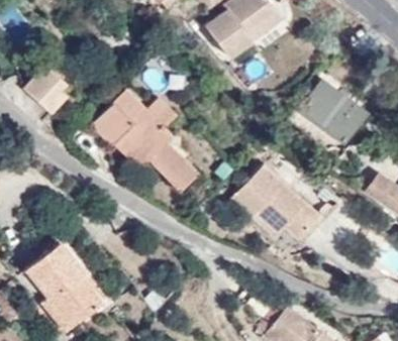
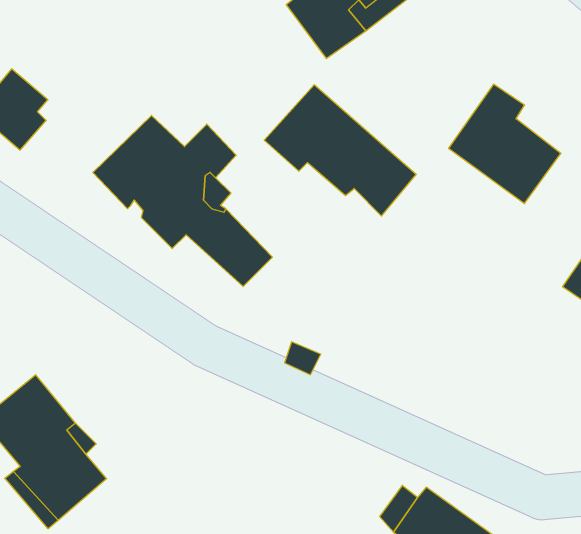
building: [231,165,320,242] -> [264,85,416,216]

